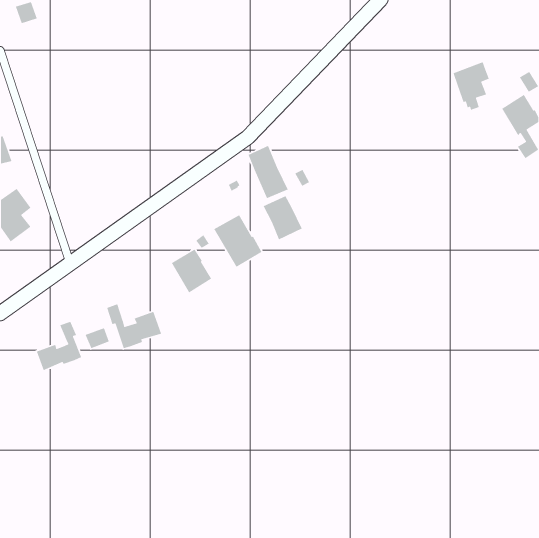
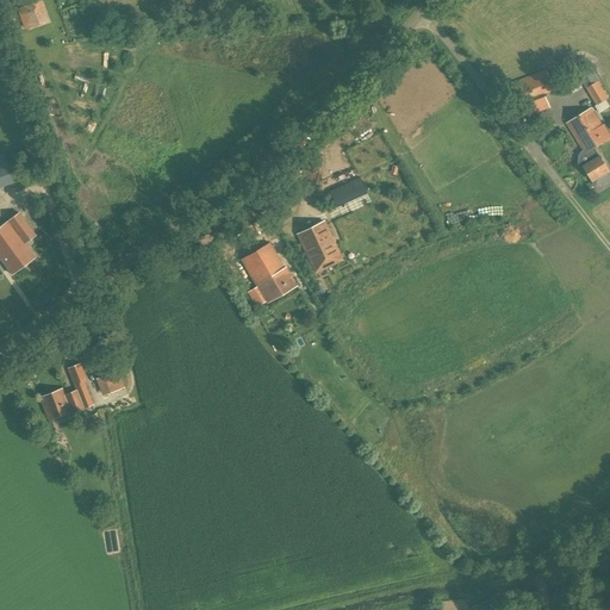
building: [248,145,289,199] -> none
building: [171,248,212,293] -> none
building: [106,303,162,349] -> none

